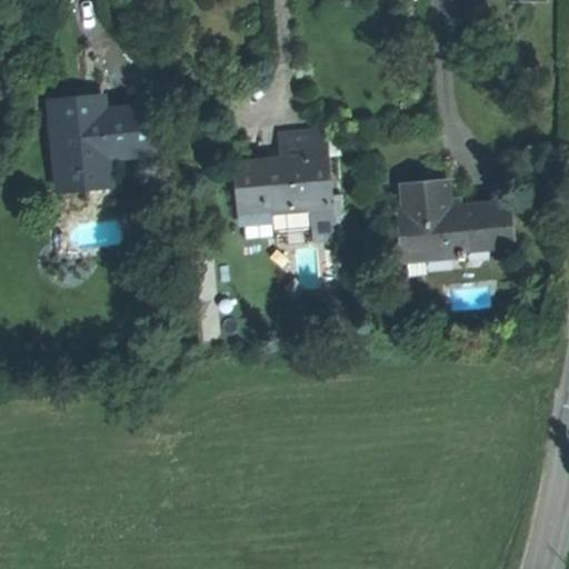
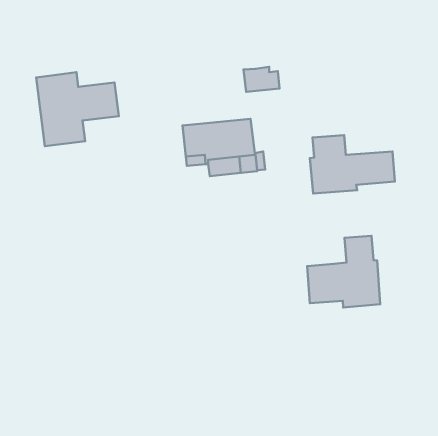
building: [277,130,323,162] -> [243,67,280,92]
building: none -> [307,236,380,307]

